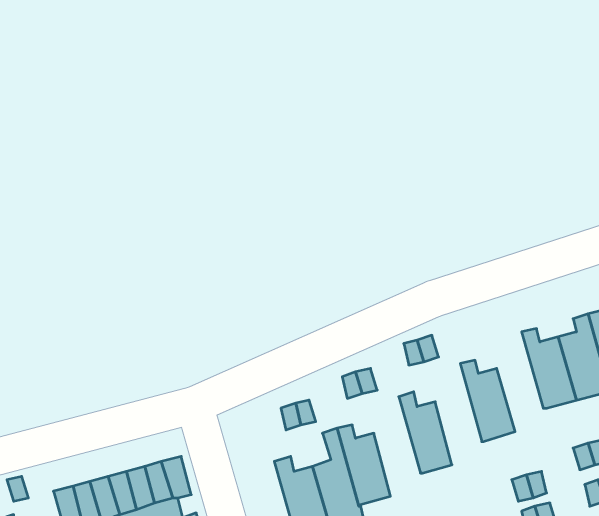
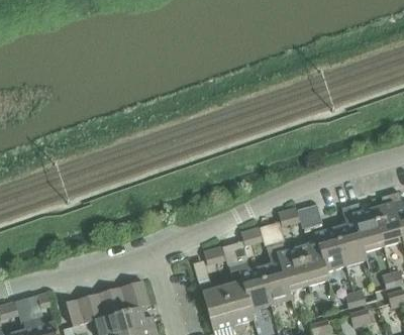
building: none -> [334,205,367,265]
building: none -> [297,224,328,286]
building: none -> [260,244,291,305]

